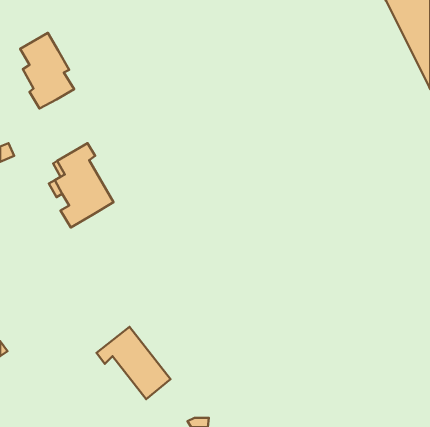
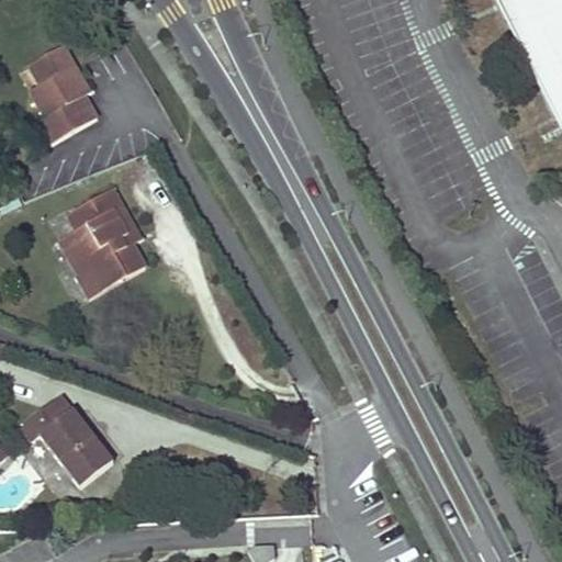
building: [97,327,171,399] -> [16,395,113,490]

